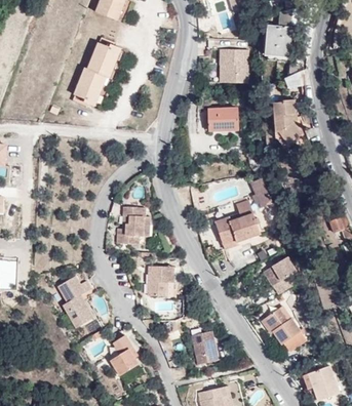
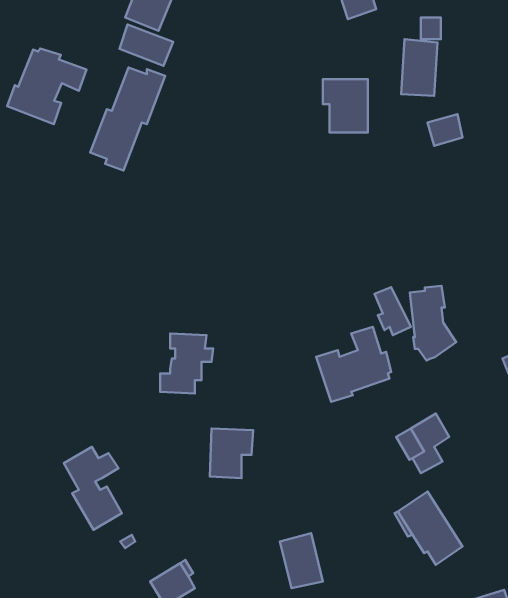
building: none -> [119,24,173,66]
building: none -> [7,48,86,124]
building: [273,98,302,145] -> [410,286,456,361]
building: [206,108,237,130] -> none

